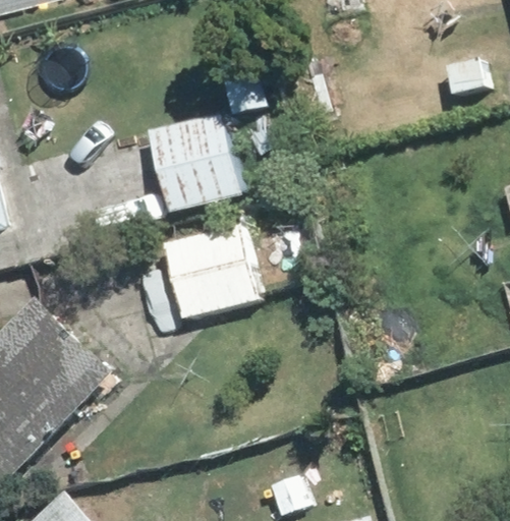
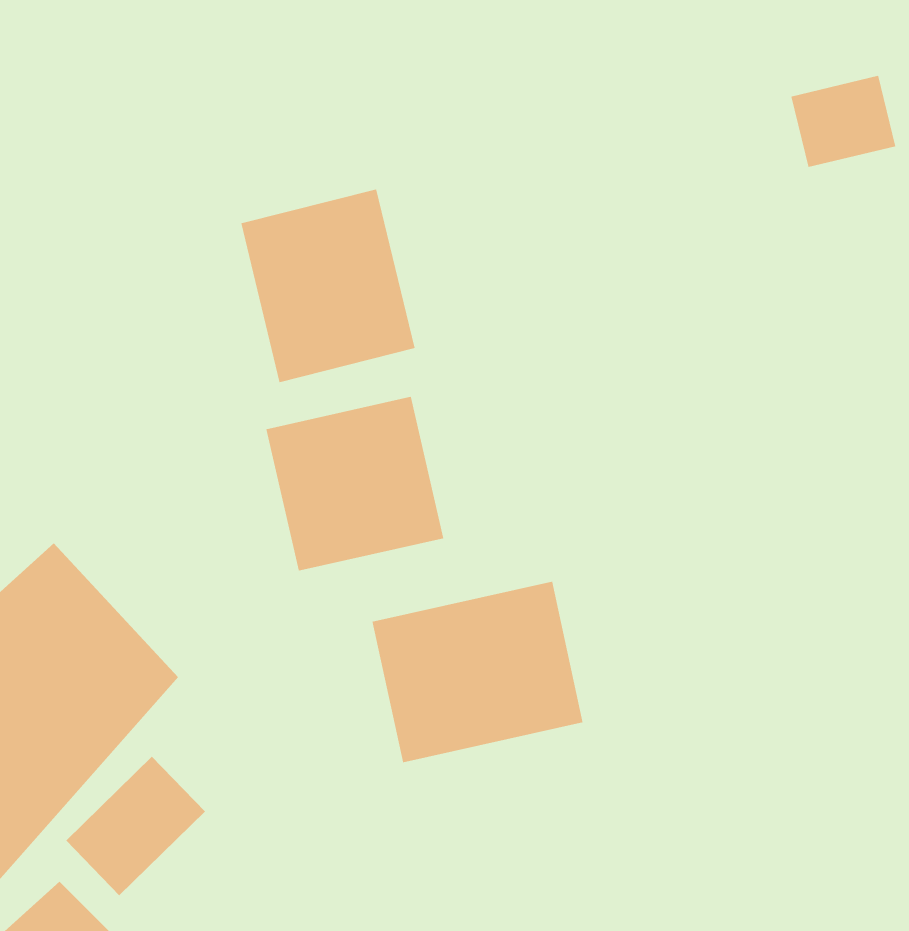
building: none -> [372,581,583,763]

